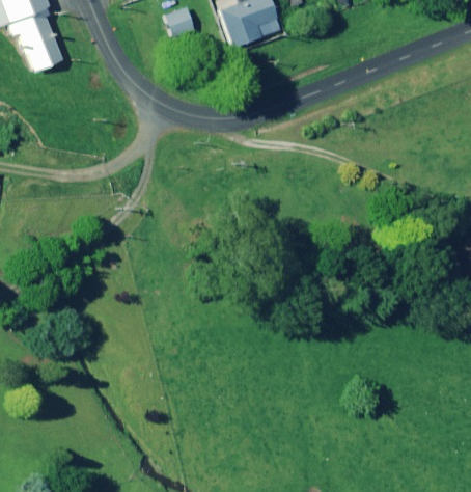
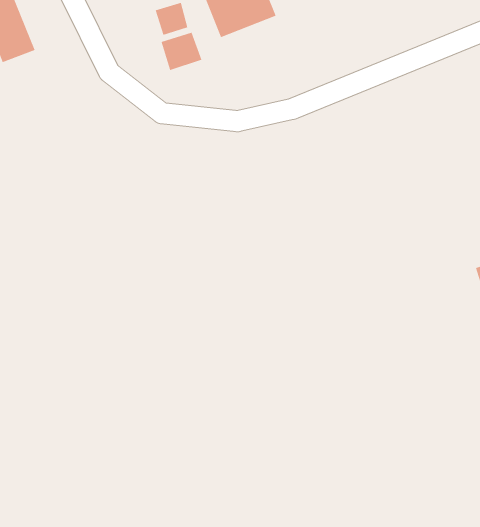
building: none -> [161,32,202,71]

